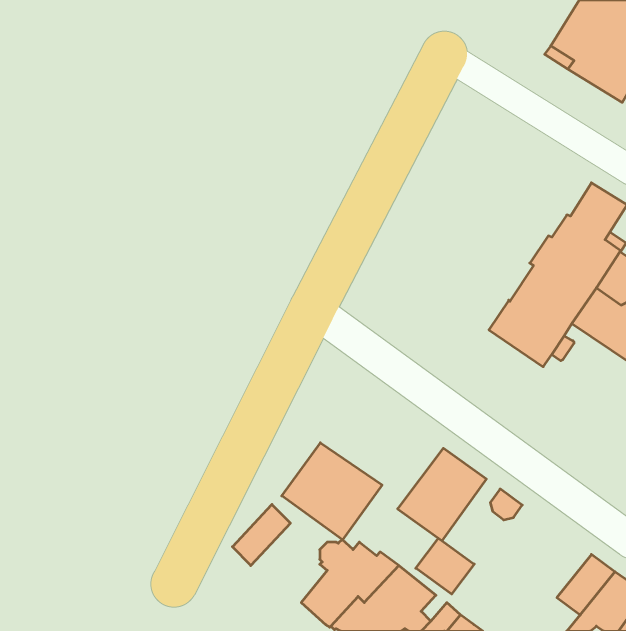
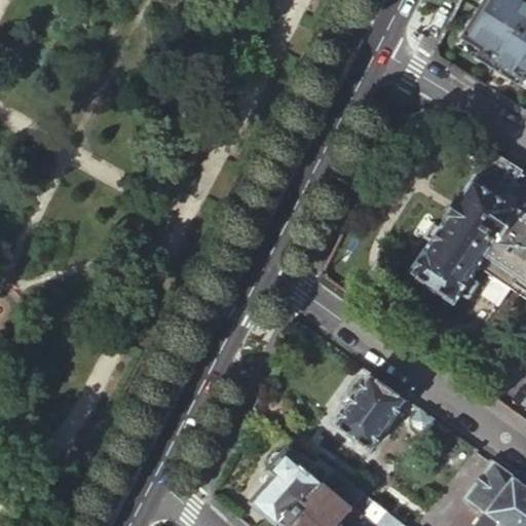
building: [282,443,382,540] -> none
building: [232,504,290,566] -> none
building: [416,538,474,594] -> none

